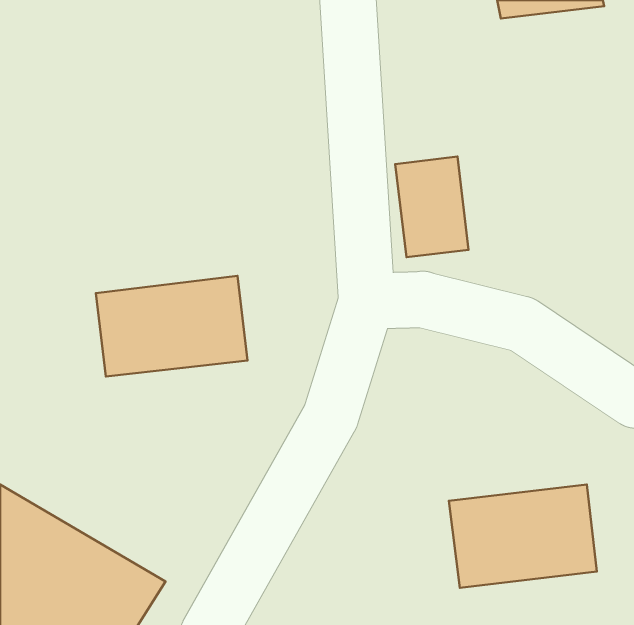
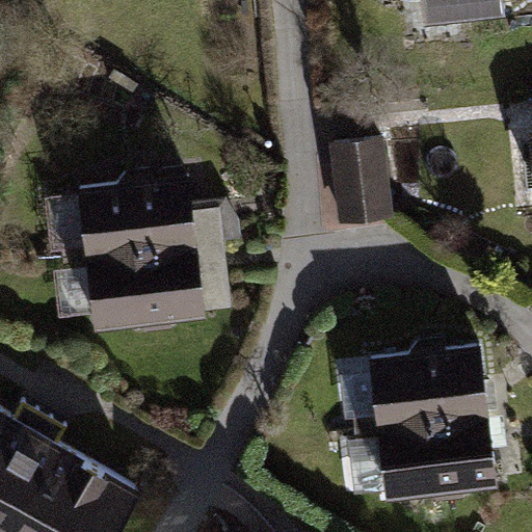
building: none -> [73,171,200,254]
building: none -> [368,342,491,427]

